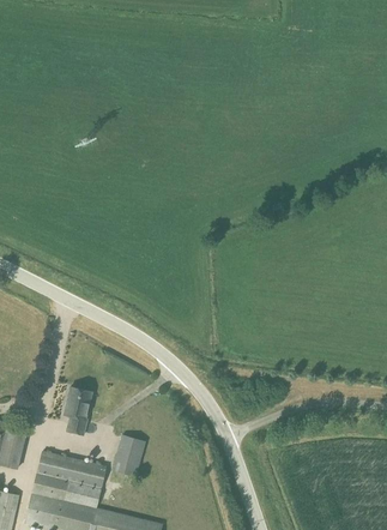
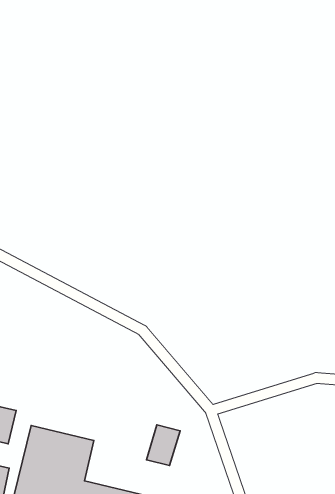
building: [64,386,92,434] -> none
building: [111,434,146,476] -> [146,425,180,465]

